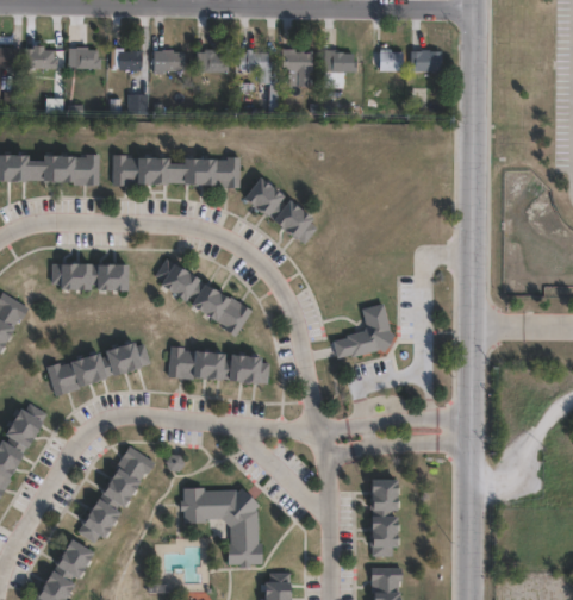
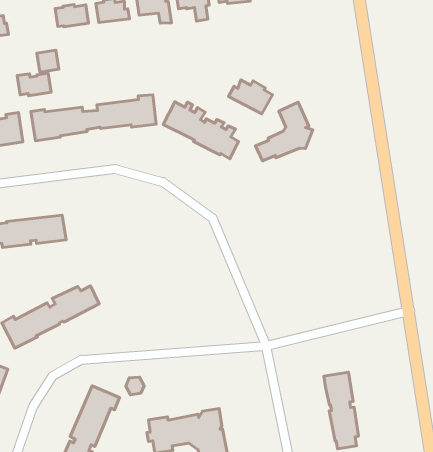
building: [110,49,142,71] -> [17,73,51,96]
building: none -> [228,80,273,114]
building: [156,258,253,337] -> none
building: [332,305,394,360] -> [255,102,313,161]
building: [168,348,269,385] -> none

